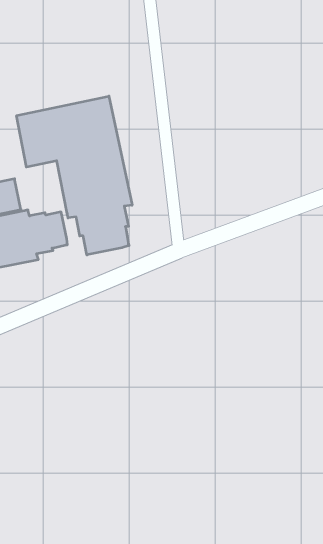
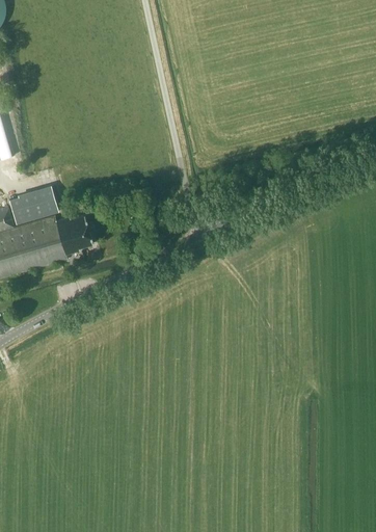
building: [17,96,132,255] -> none

